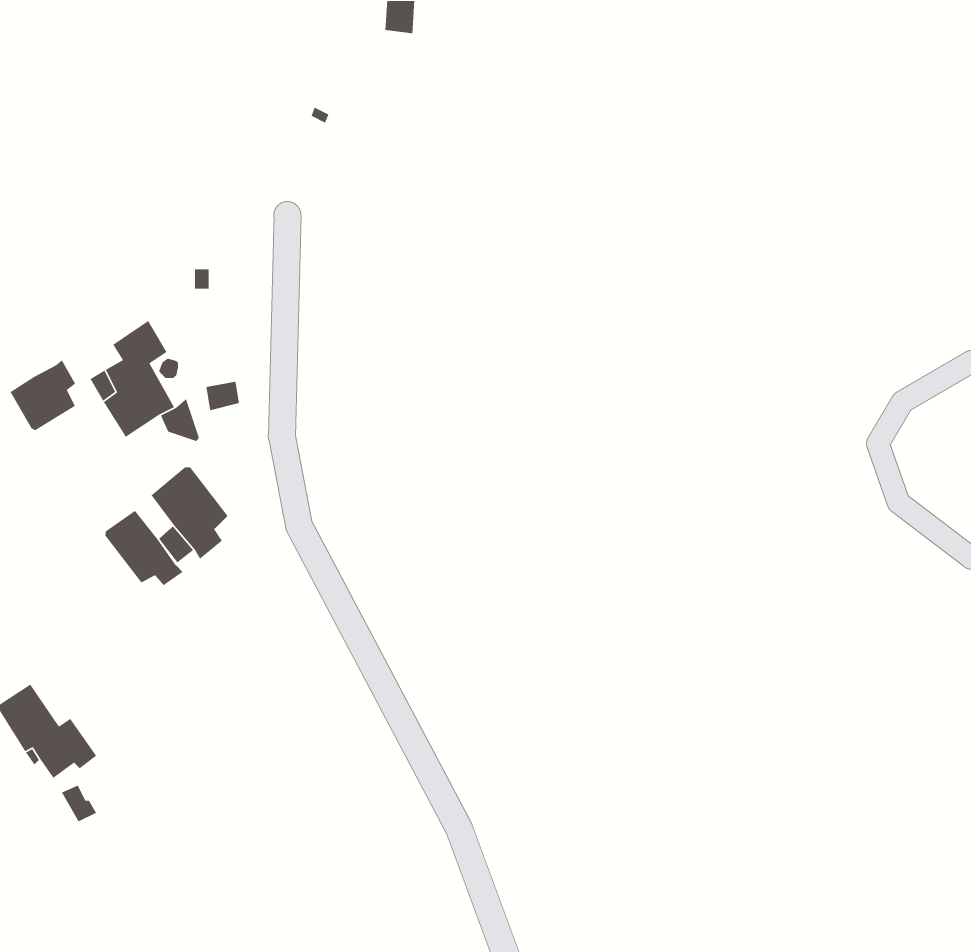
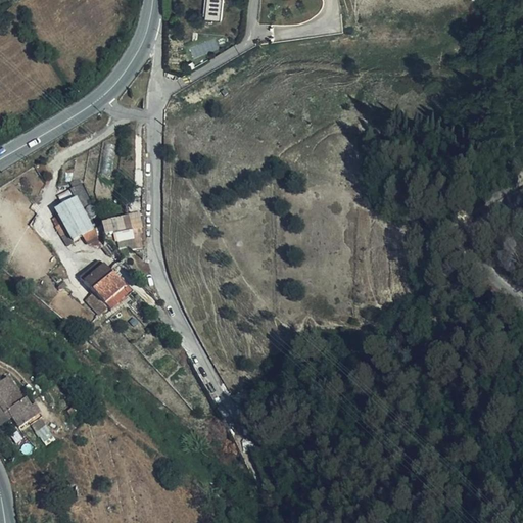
building: [10,359,76,431] -> none
building: [104,510,183,586] -> none

